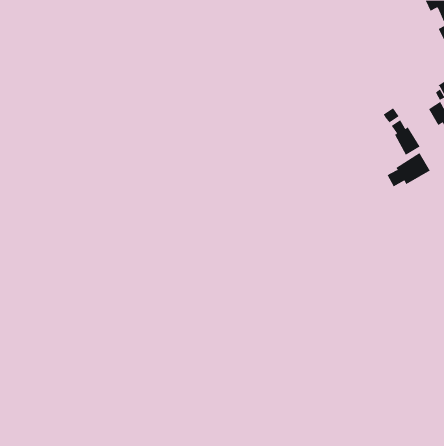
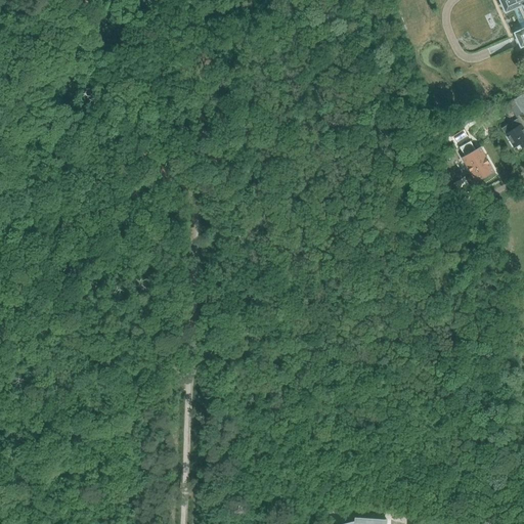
building: [387,152,431,187] -> none

